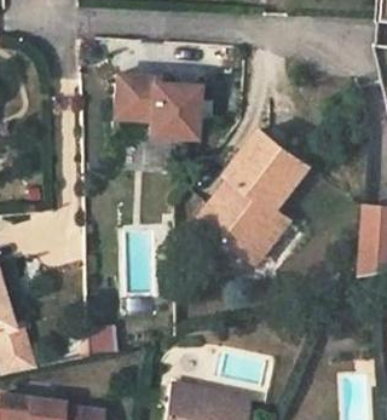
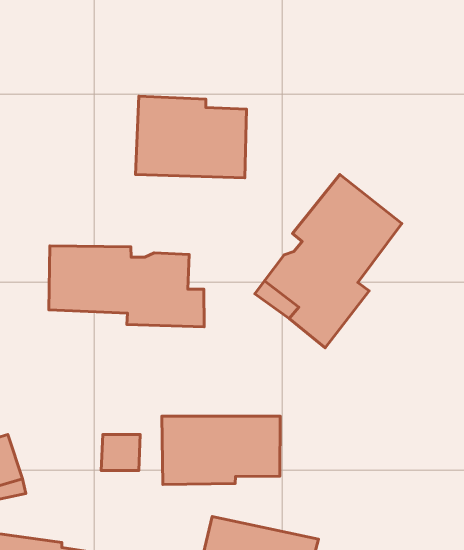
building: none -> [49,246,204,327]
building: none -> [162,416,280,485]

